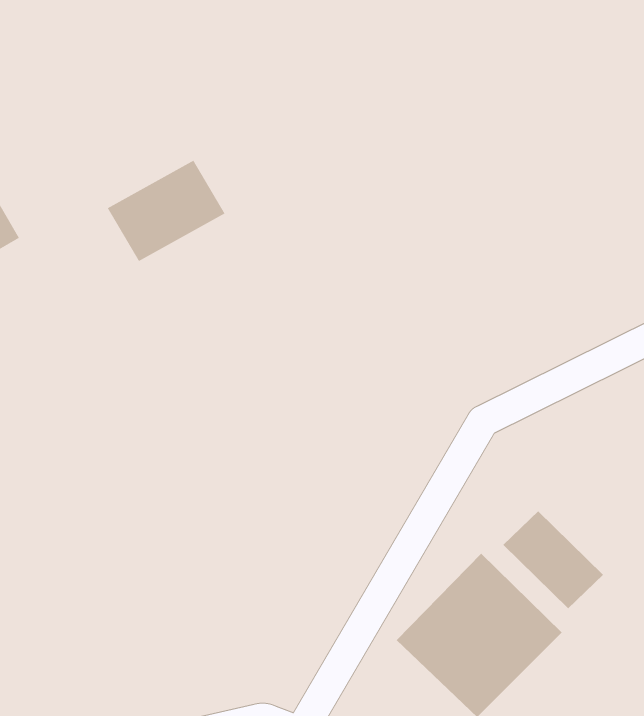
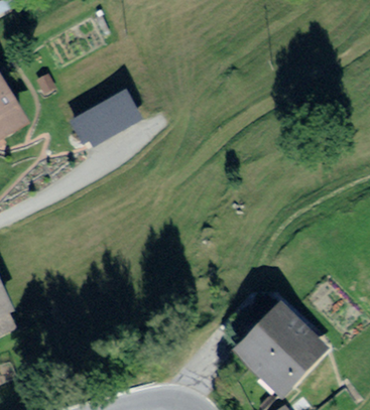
building: [502,510,604,609] -> none

